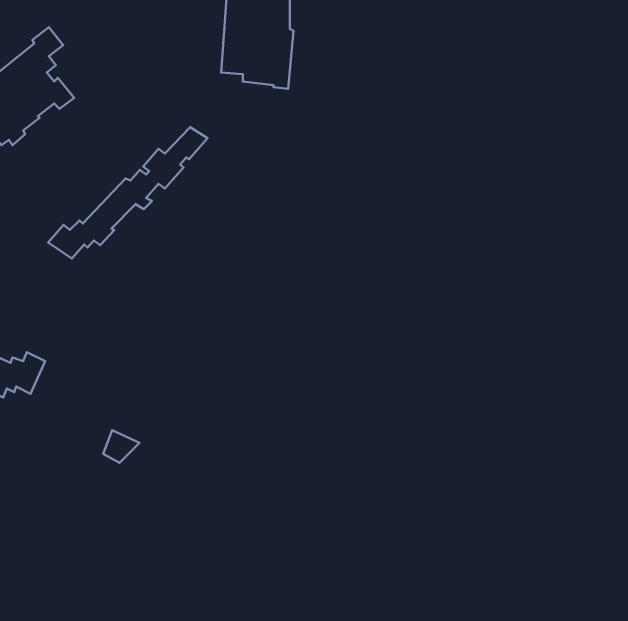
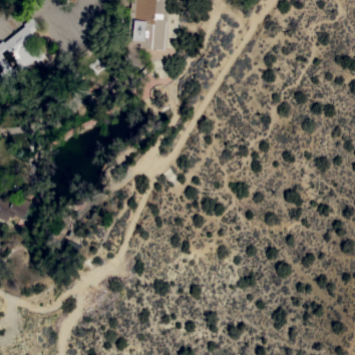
building: [48,127,208,258] -> none

